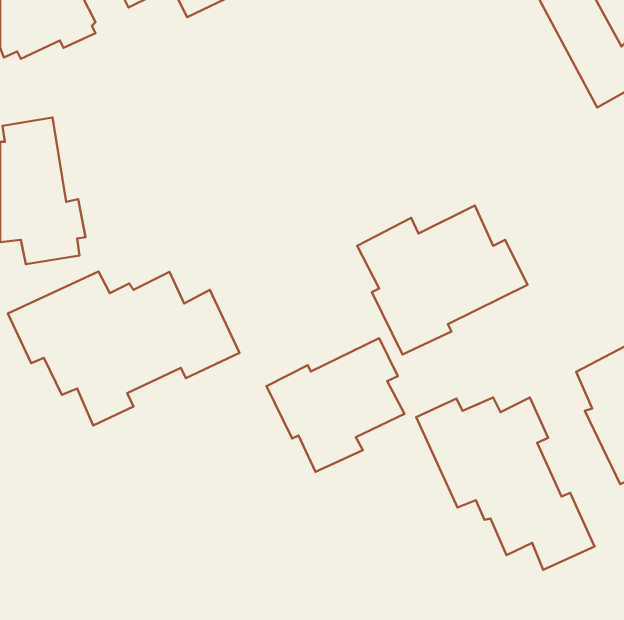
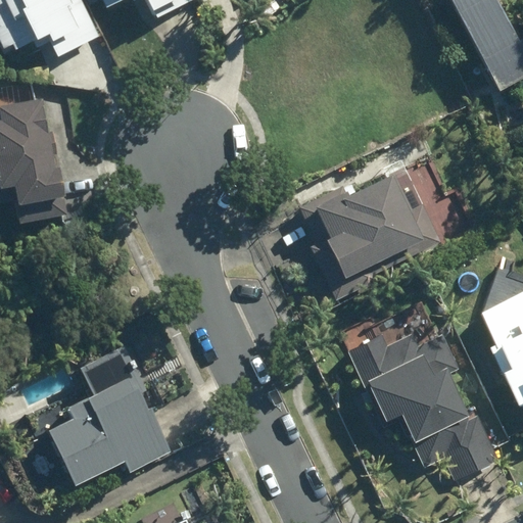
building: [8,271,240,426] -> none
building: [267,338,404,472] -> none
building: none -> [49,344,170,484]

